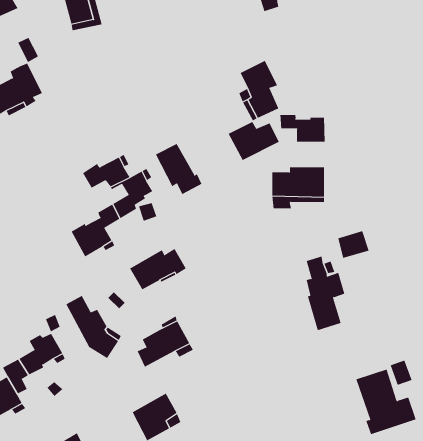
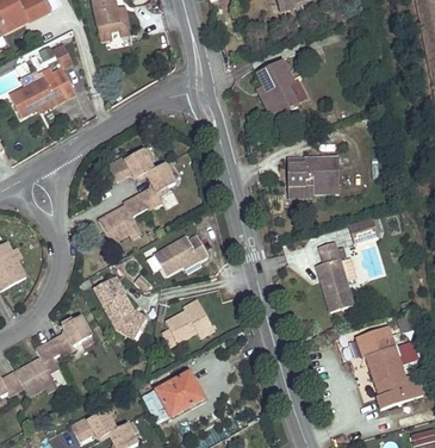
building: [280,114,325,143] -> none
building: [228,121,279,161] -> none
building: [155,143,202,195] -> none
building: none -> [356,326,396,359]

